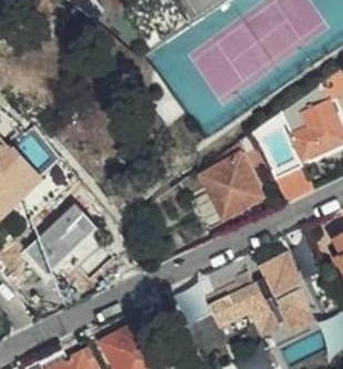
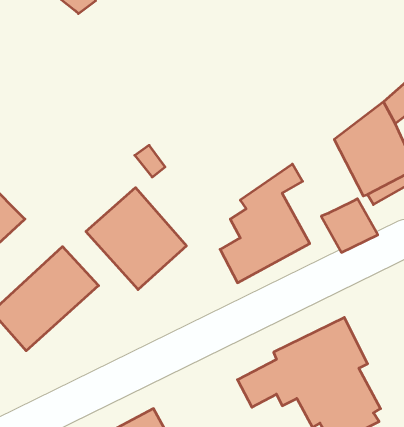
building: none -> [86,188,186,290]

